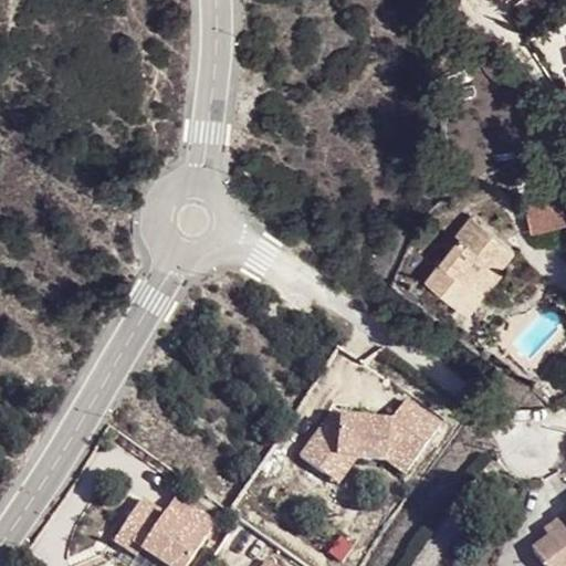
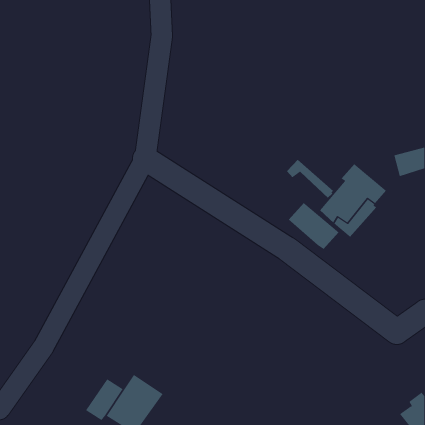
building: none -> [286,159,334,199]
building: none -> [288,202,339,250]
building: [302,401,438,480] -> none

